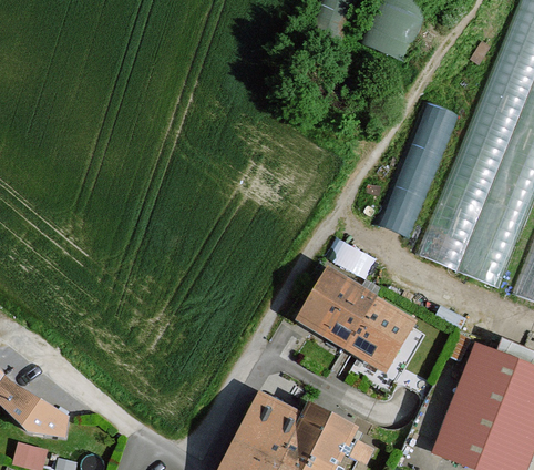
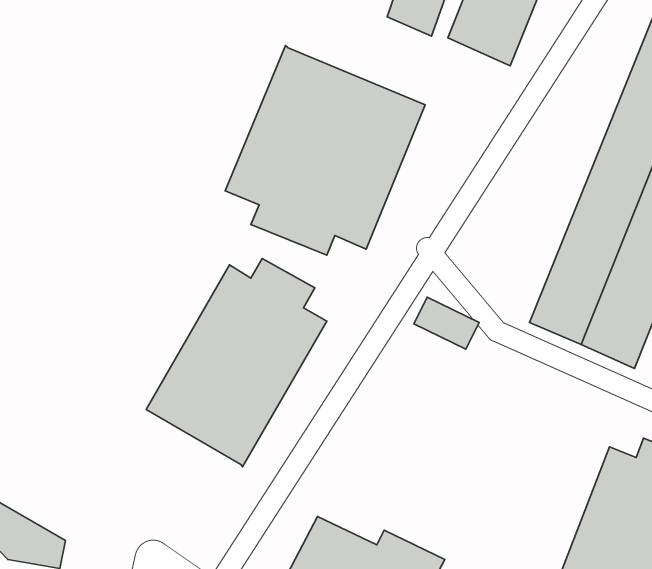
building: none -> [225,46,425,255]
building: [378,102,458,236] -> none
building: none -> [146,259,327,467]
building: [294,266,410,370] -> none

